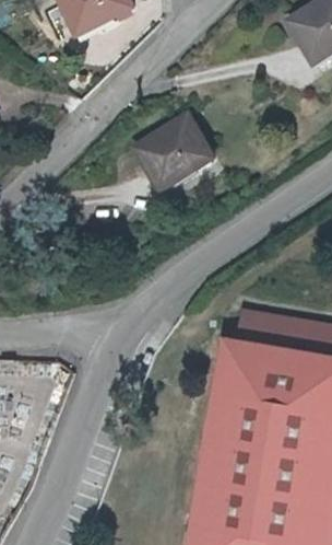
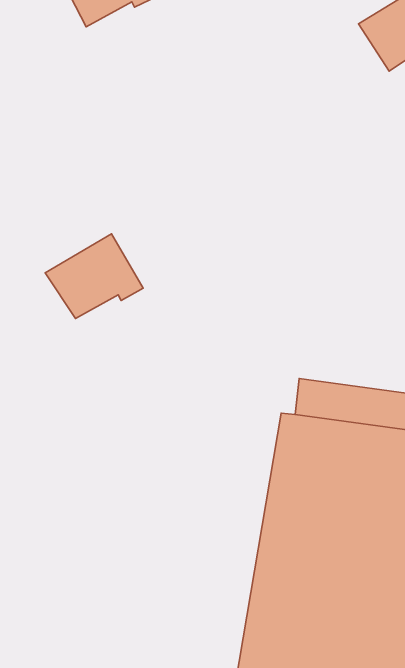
building: [124,127,202,194] -> [45,234,143,318]

